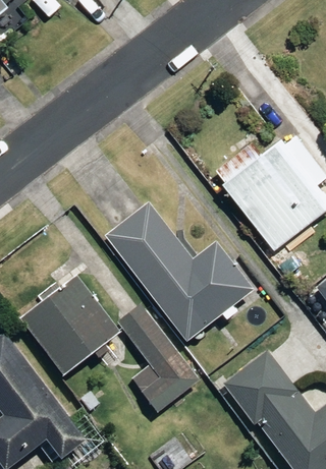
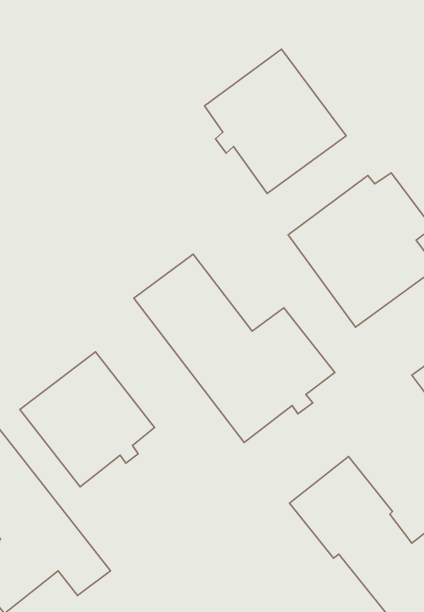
building: none -> [204,49,346,193]
building: [117,304,199,412] -> none

